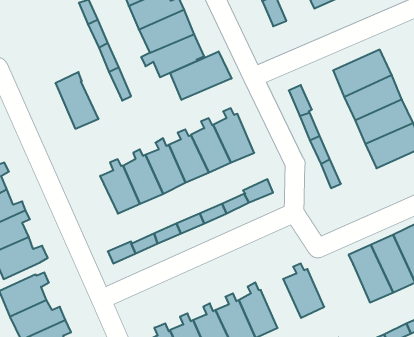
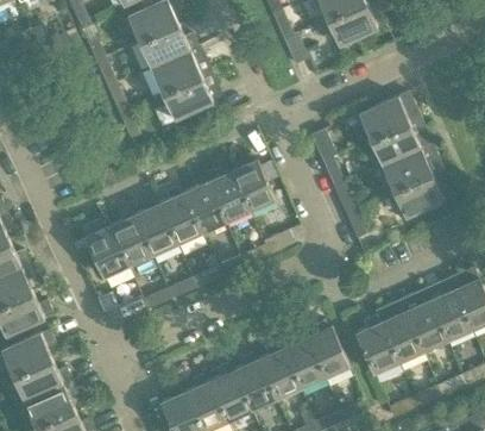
building: [170,51,232,100] -> none
building: [55,72,99,129] -> [81,218,127,279]
building: none -> [354,317,397,375]
building: none -> [281,331,323,391]

